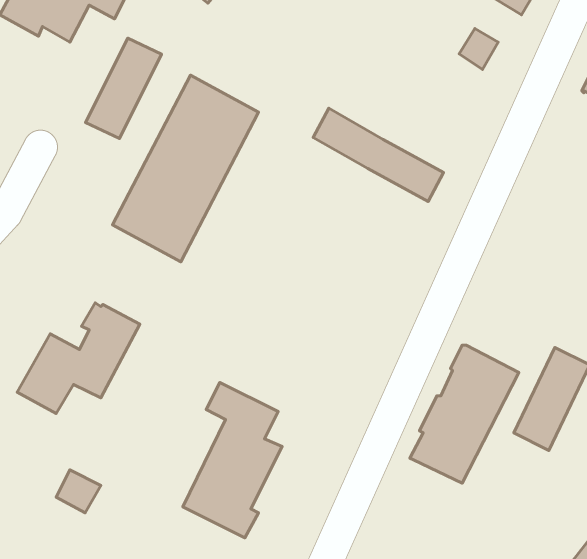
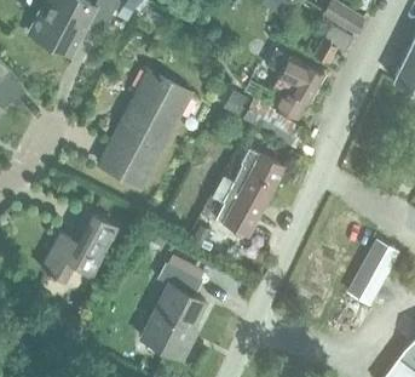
building: [86,38,161,138] -> none
building: none -> [266,50,324,120]
building: [410,345,519,483] -> [215,148,283,234]

